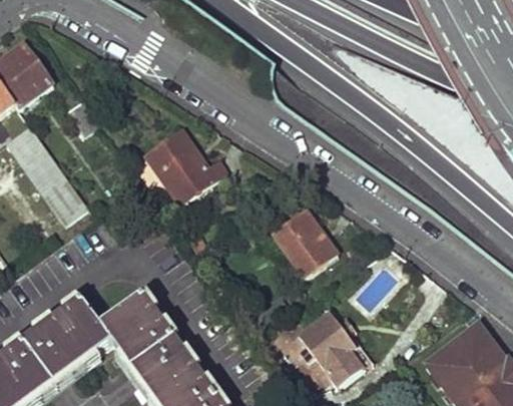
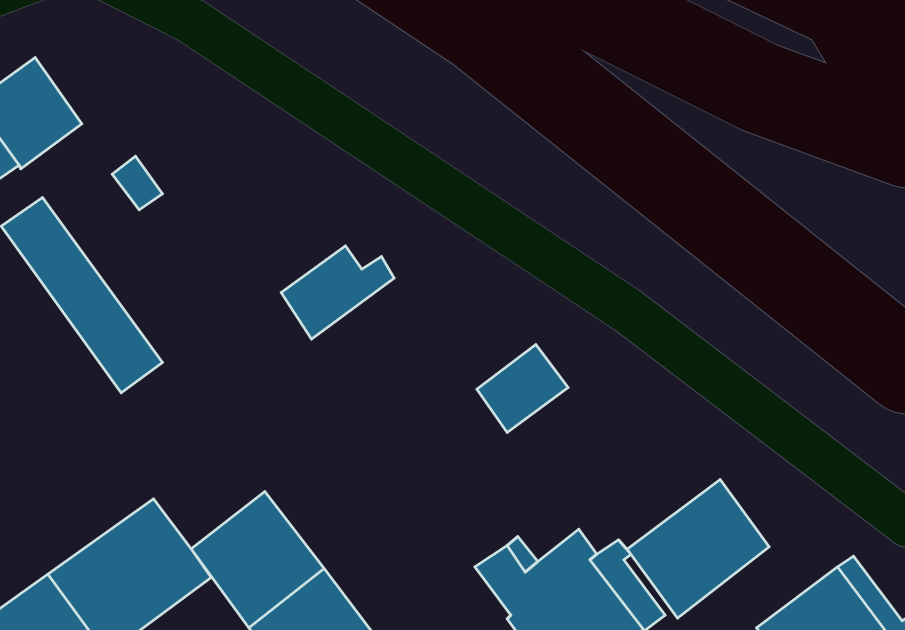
building: [142,129,195,178] -> none
building: [286,232,335,278] -> none
building: none -> [627,480,769,618]

